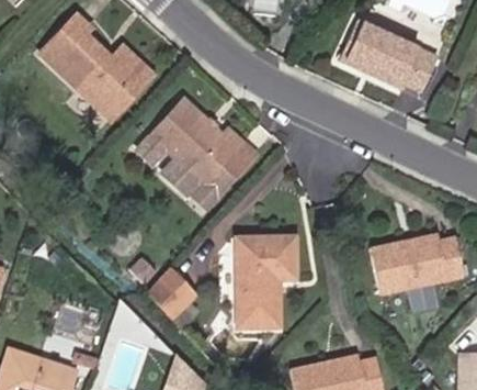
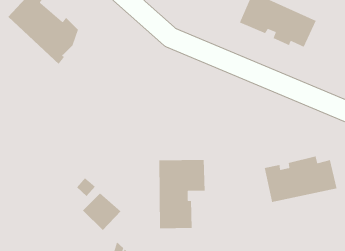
building: [107,47,152,119] -> none
building: [135,97,254,207] -> none

